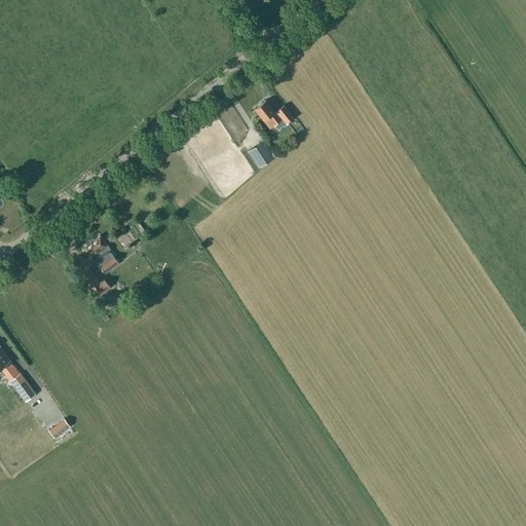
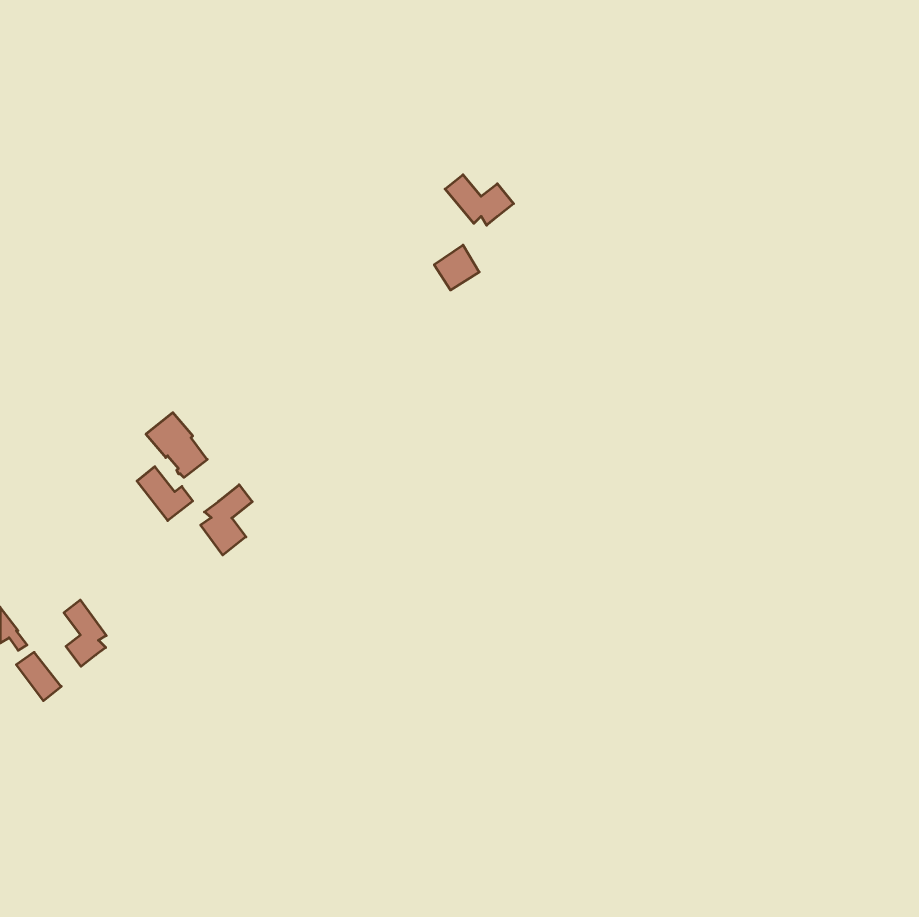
building: none -> [201,485,252,555]
building: none -> [64,600,106,666]

